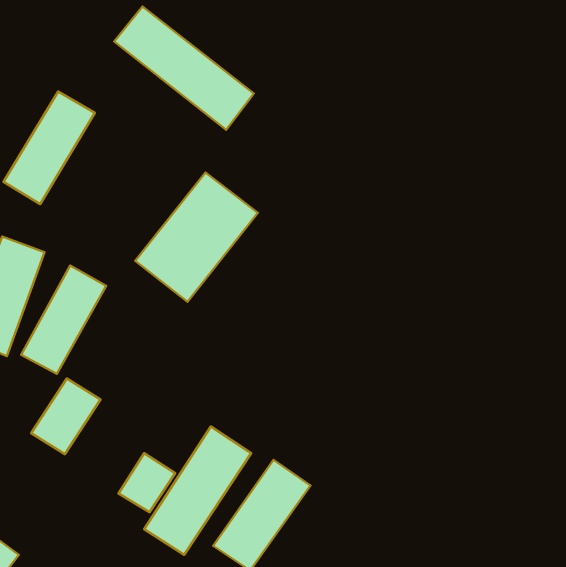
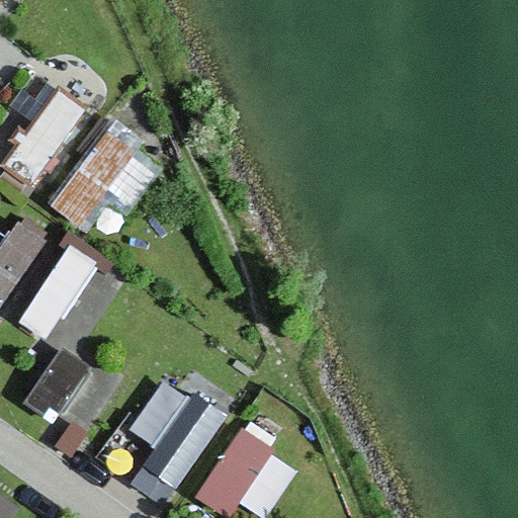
building: [114,6,254,130] -> none
building: [135,173,258,302] -> [47,121,158,239]

